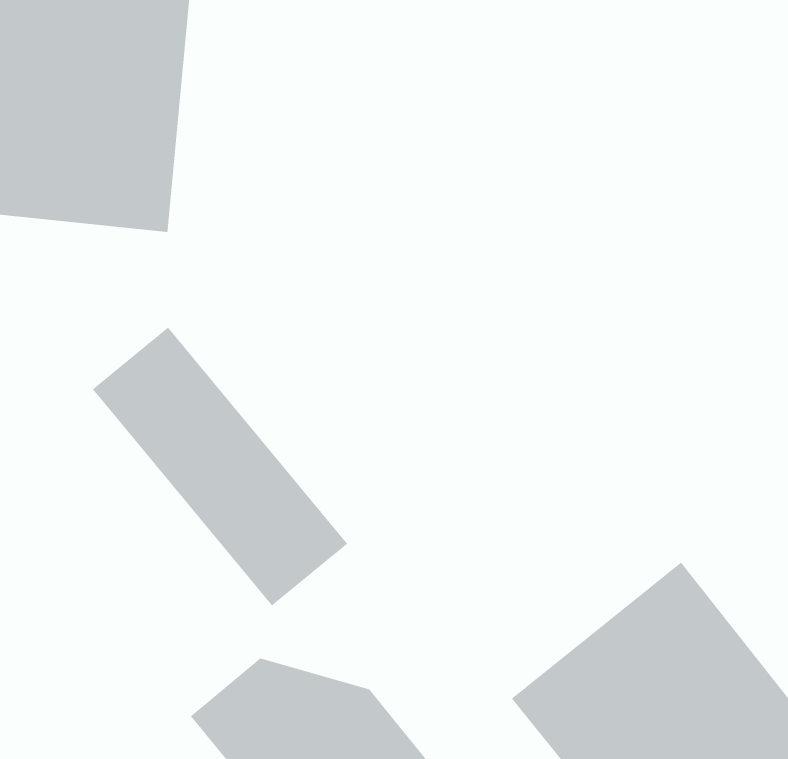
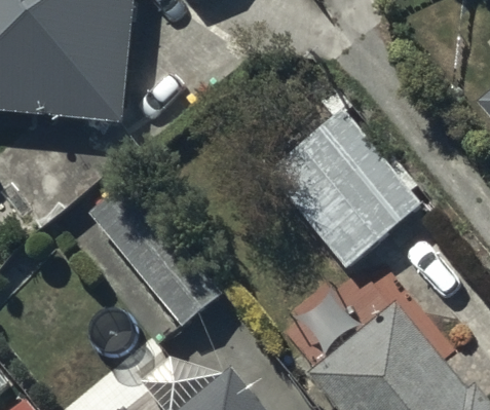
building: none -> [266,108,421,266]

